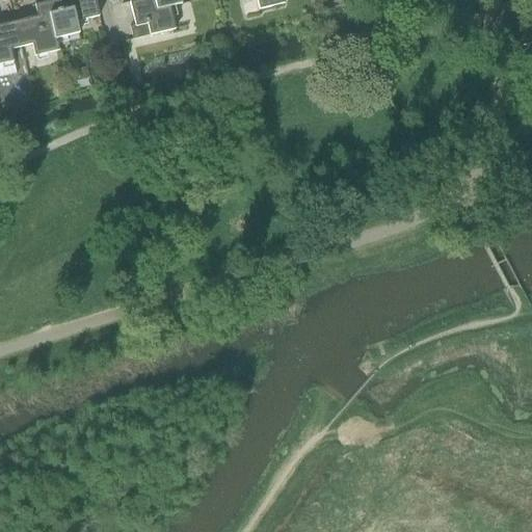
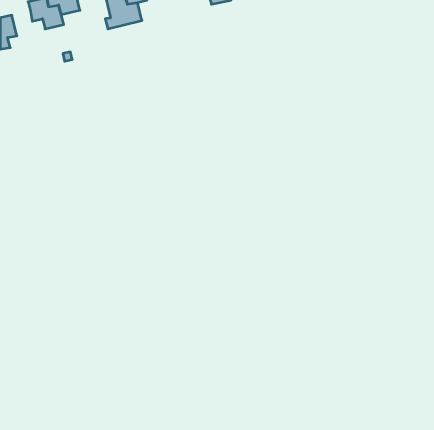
building: [15,14,58,53] -> none

